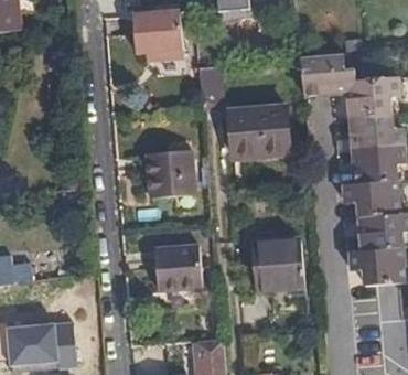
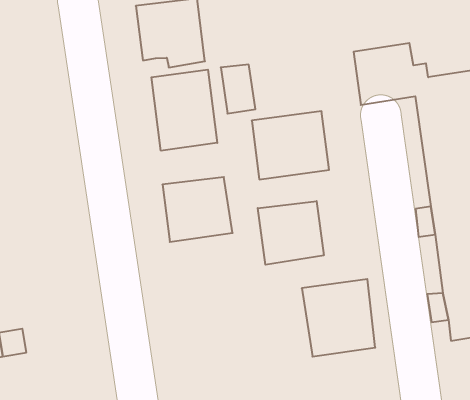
building: none -> [151,70,217,151]
building: none -> [258,201,324,265]
building: [154,244,203,294] -> none

